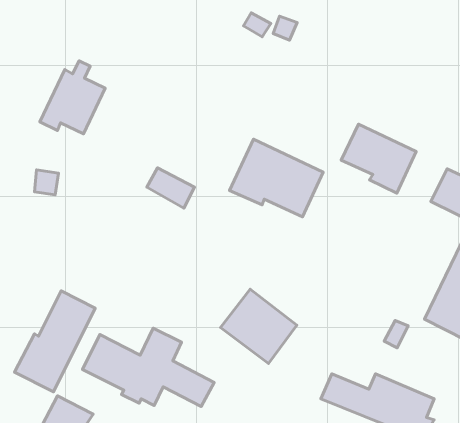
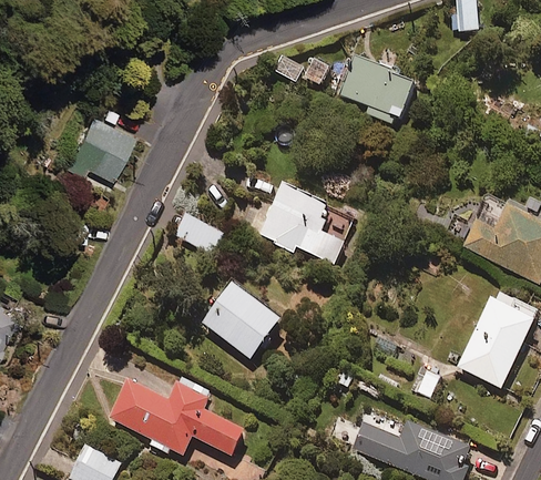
building: [341,124,416,193] -> [338,55,415,125]
building: [221,289,297,363] -> [202,284,279,359]
building: [14,291,95,392] -> none

